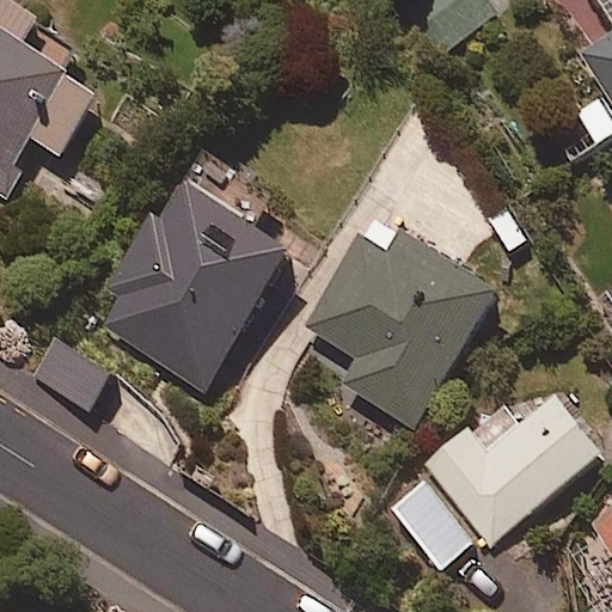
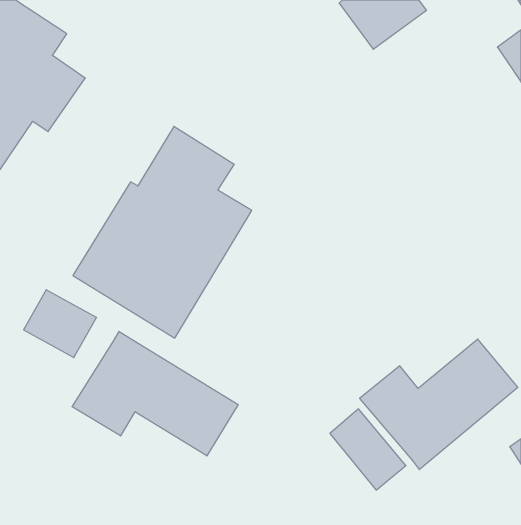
building: [305,232,497,427] -> none
building: none -> [72,331,238,456]

